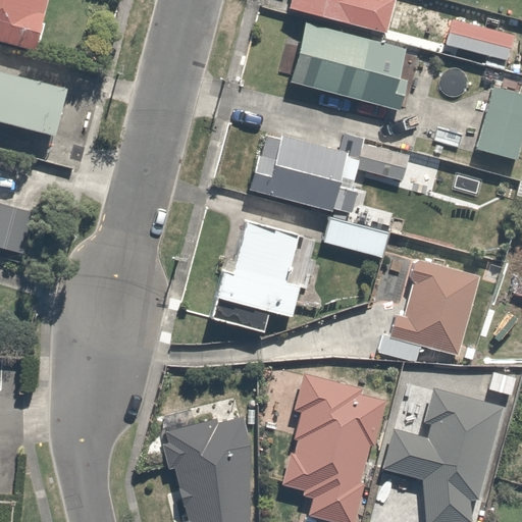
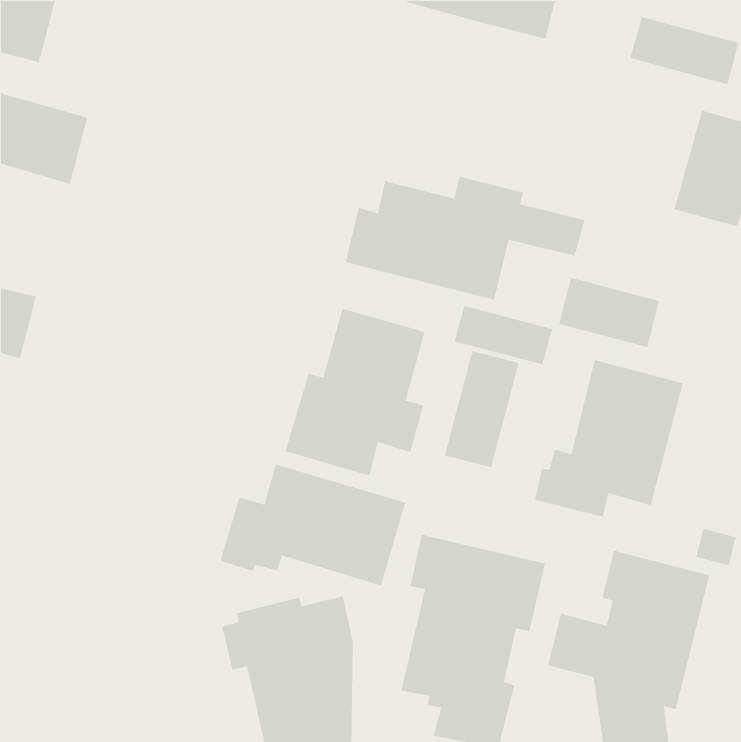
building: [289,22,411,109] -> none
building: none -> [558,277,660,348]
building: none -> [444,350,520,468]
building: none -> [219,464,406,586]

